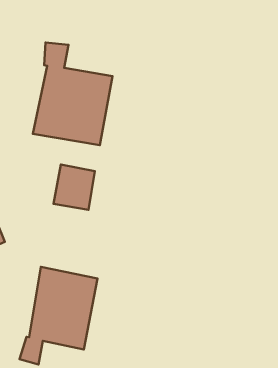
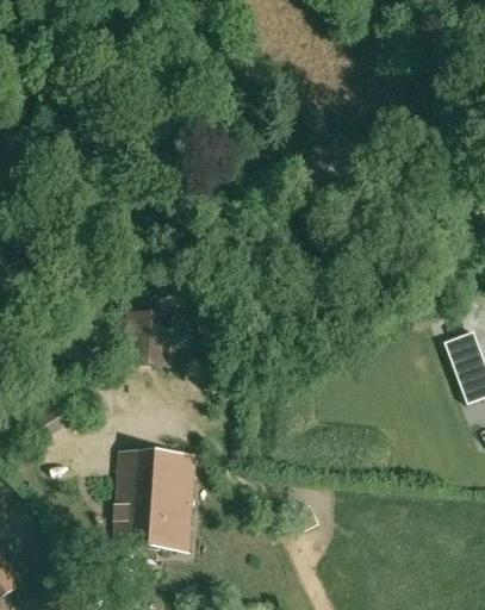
building: [33,42,113,145] -> none

